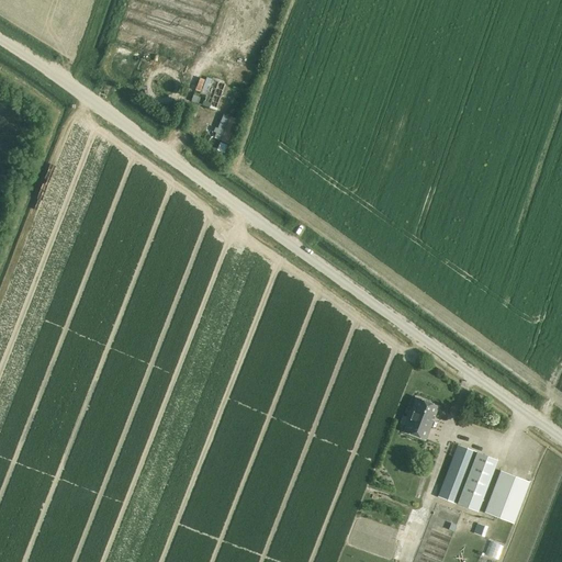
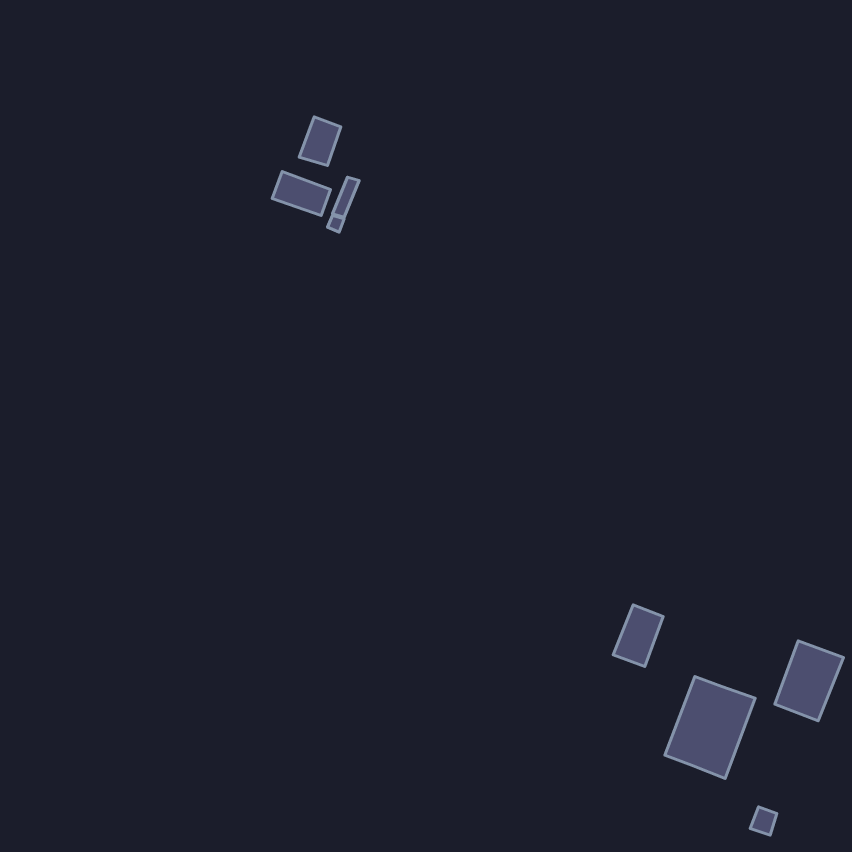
building: none -> [272,171,330,216]
building: [483,470,528,522] -> [775,641,843,721]

